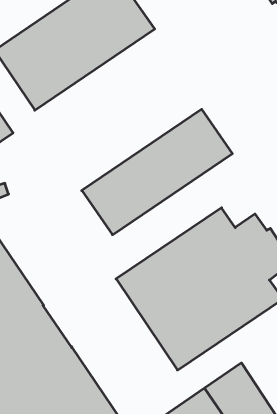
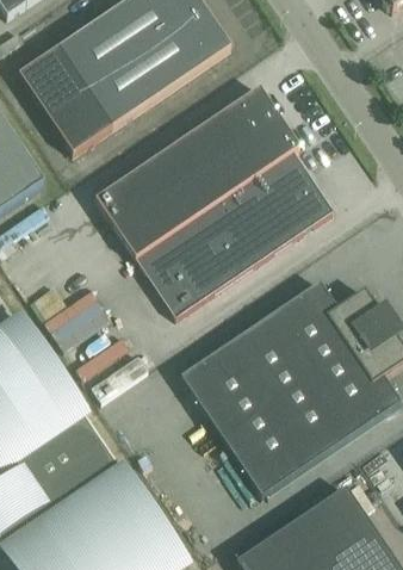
building: none -> [95,85,299,256]

